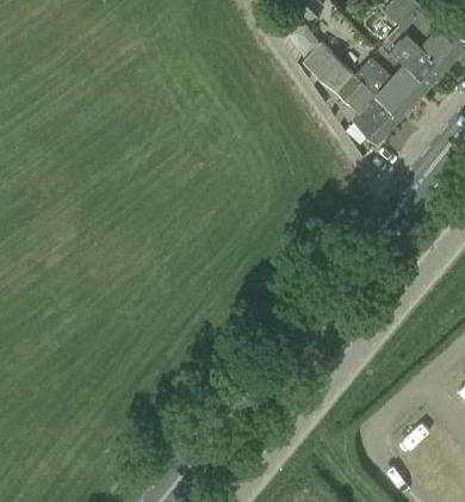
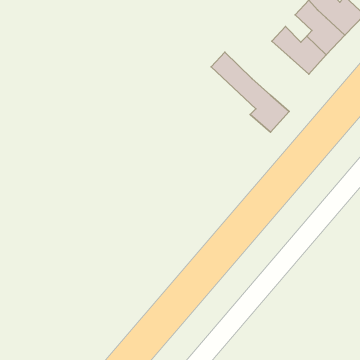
building: [304,44,399,142] -> [211,52,289,132]

